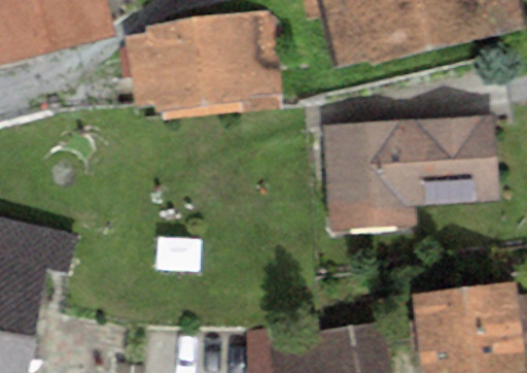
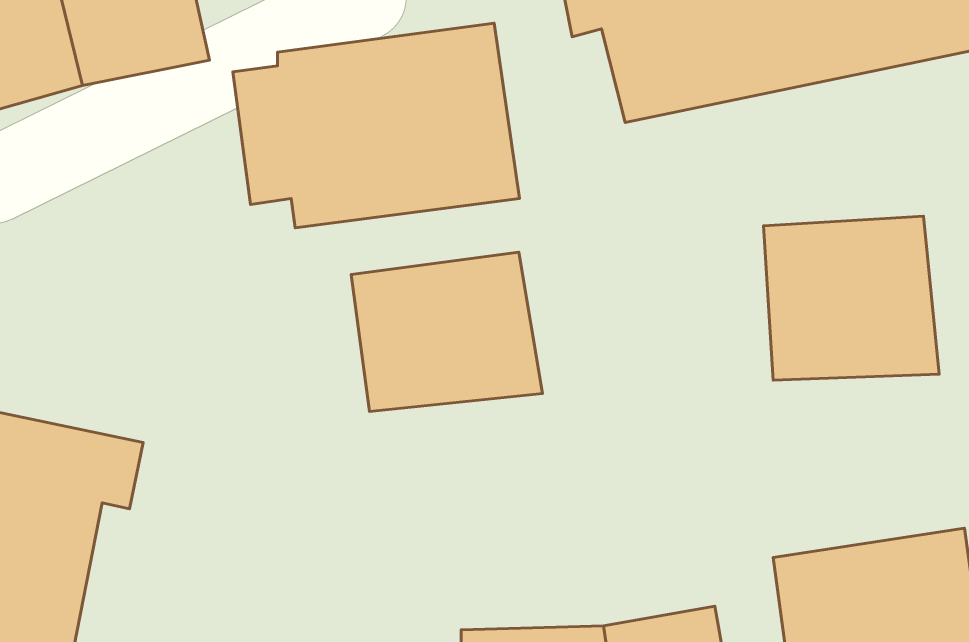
building: [325,120,413,228] -> none
building: none -> [351,252,543,412]

